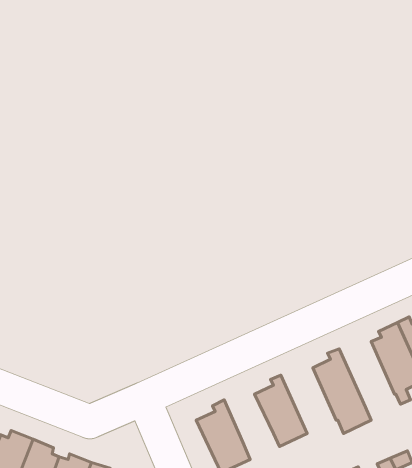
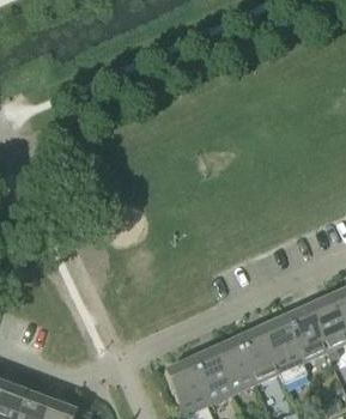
building: none -> [280,308,326,362]
building: none -> [232,329,278,383]
building: none -> [186,348,231,405]

